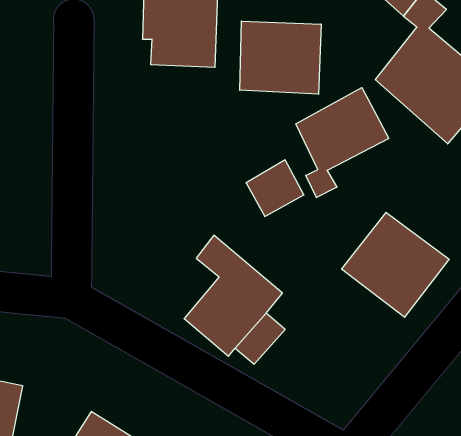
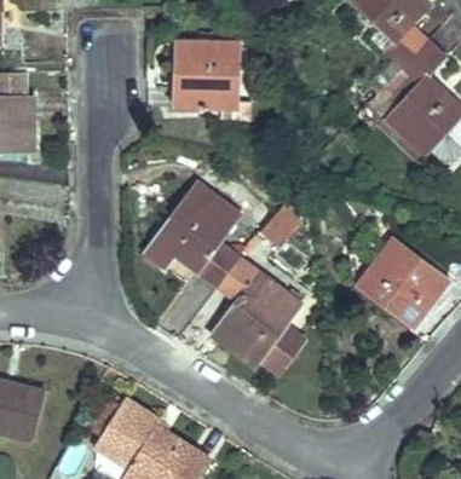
building: [240,21,321,94] -> none
building: [296,88,389,198] -> none
building: none -> [145,172,248,278]

